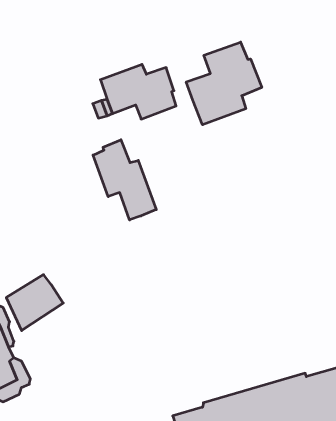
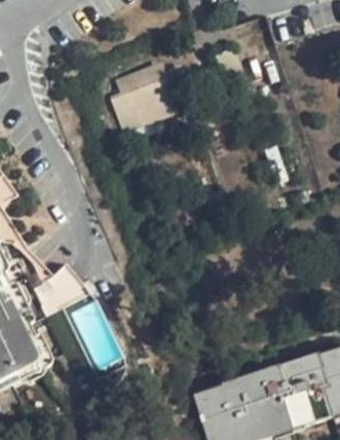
building: [186,42,262,125] -> none
building: [93,140,156,220] -> none

